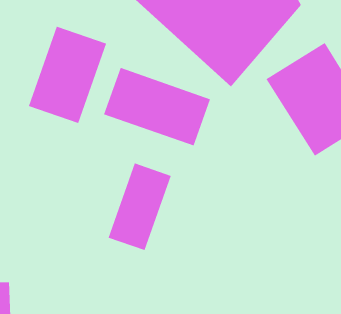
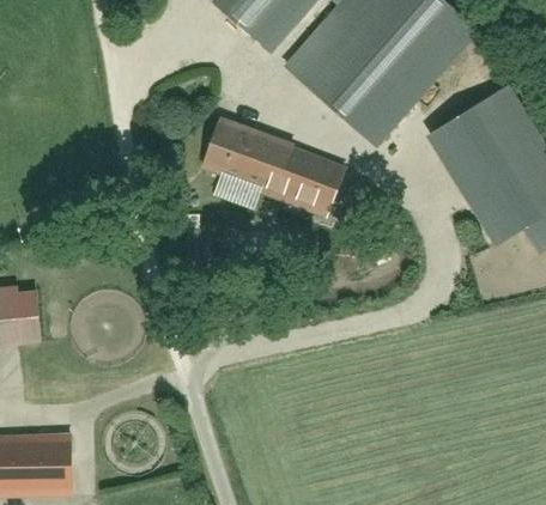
building: [28,26,107,124] -> none
building: [108,163,171,251] -> none

